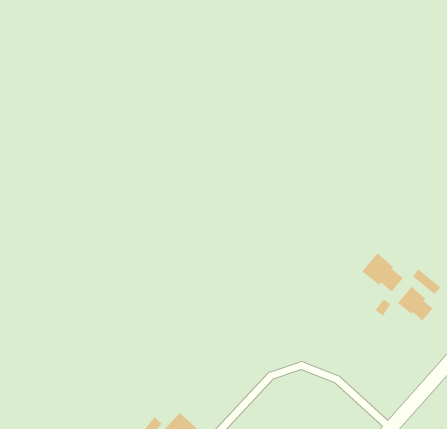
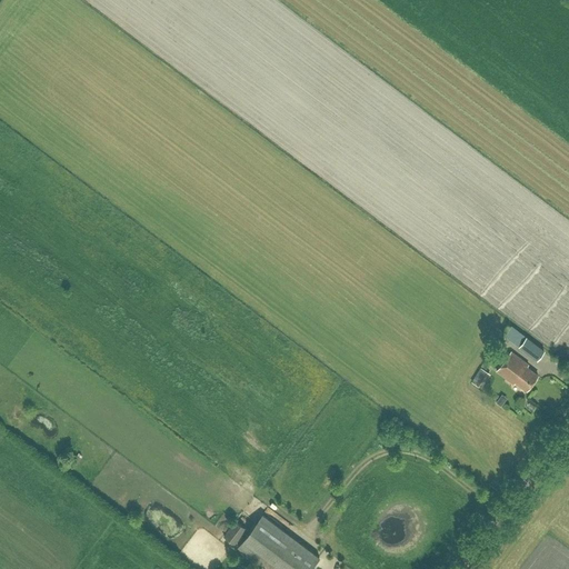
building: [362,252,404,292] -> none

